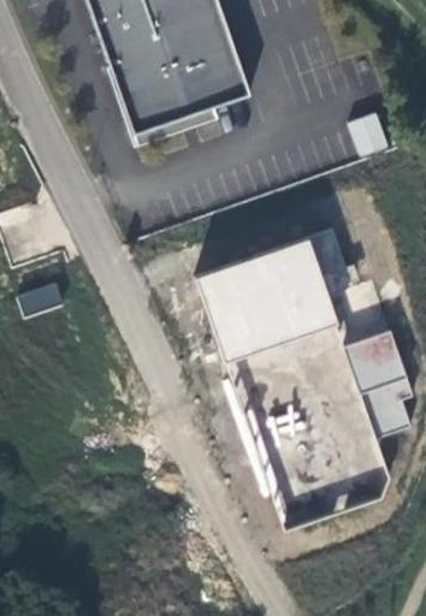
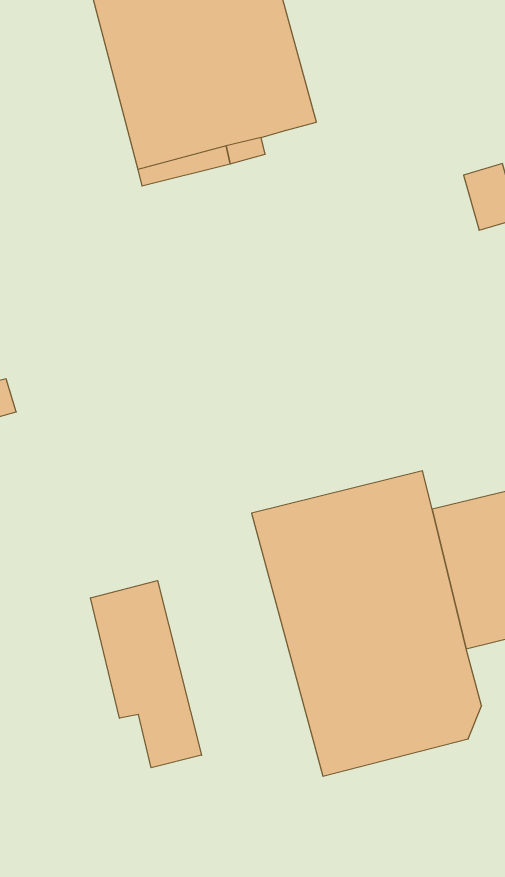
building: [199,226,360,356] -> none
building: none -> [91,581,202,768]

